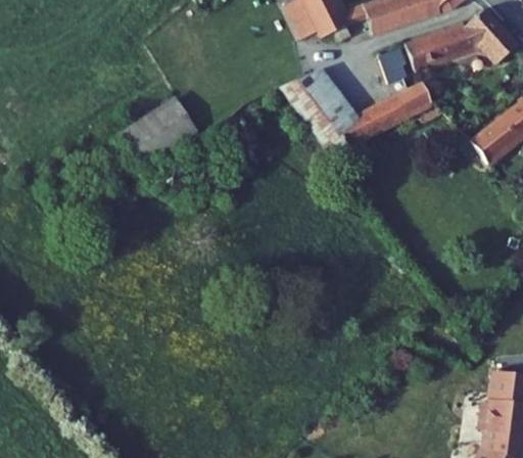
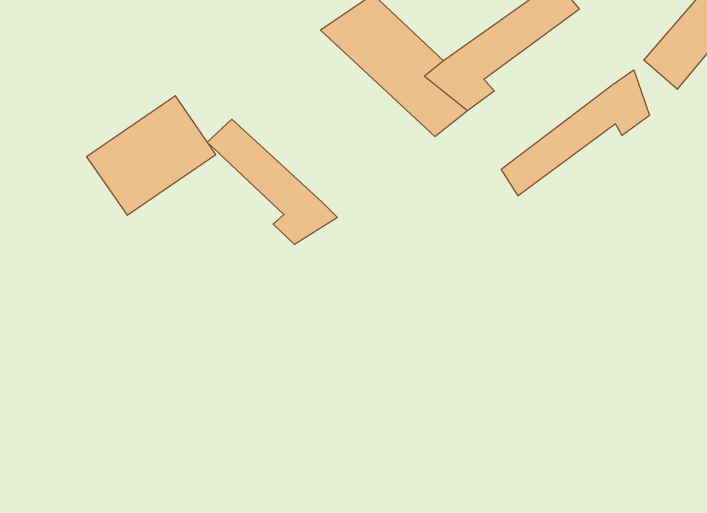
building: none -> [207,119,337,245]
building: none -> [501,70,649,196]

